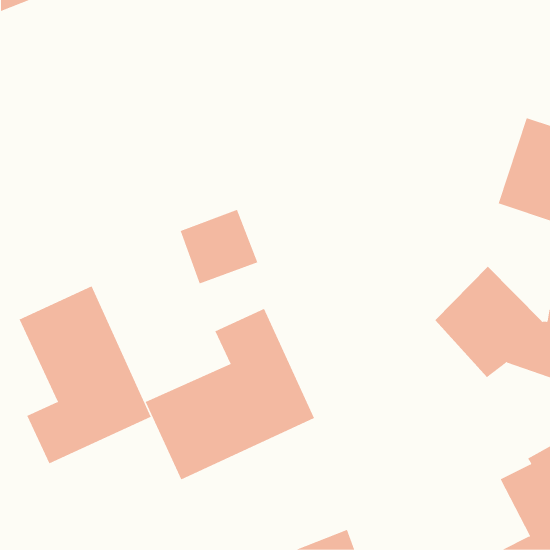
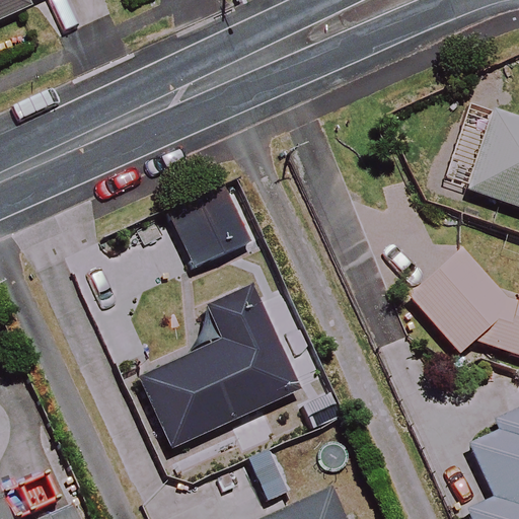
building: [19,286,151,464] -> none

